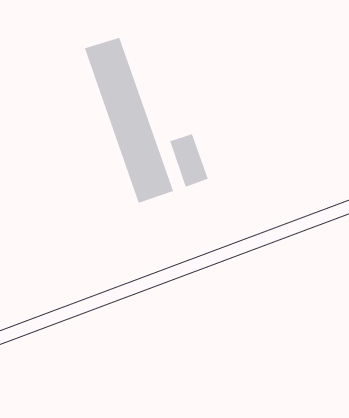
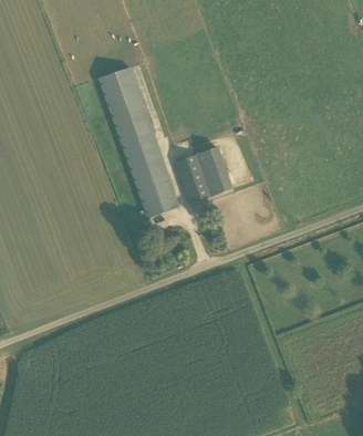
building: none -> [197,146,232,195]

